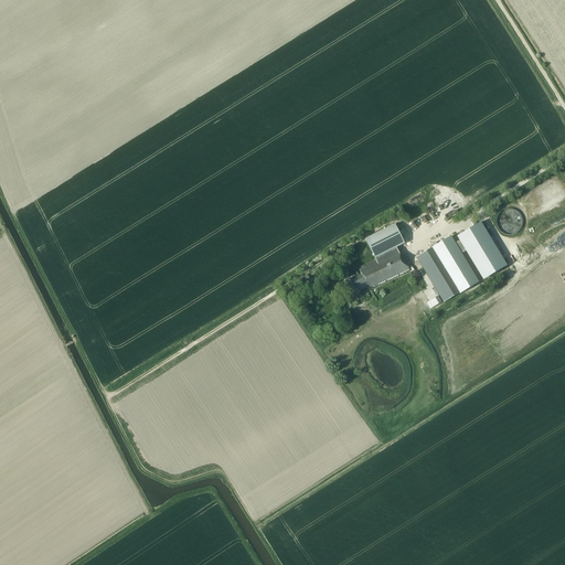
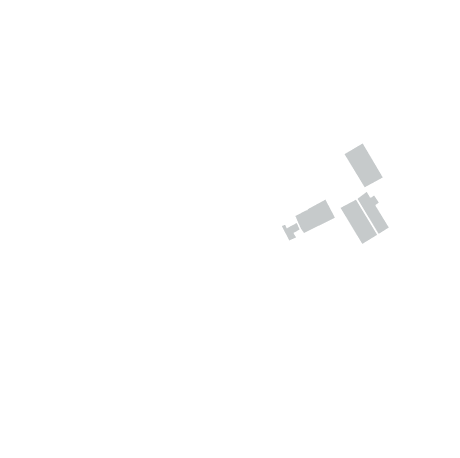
building: [365,222,405,257] -> none
building: [458,222,508,278] -> [343,142,384,188]

